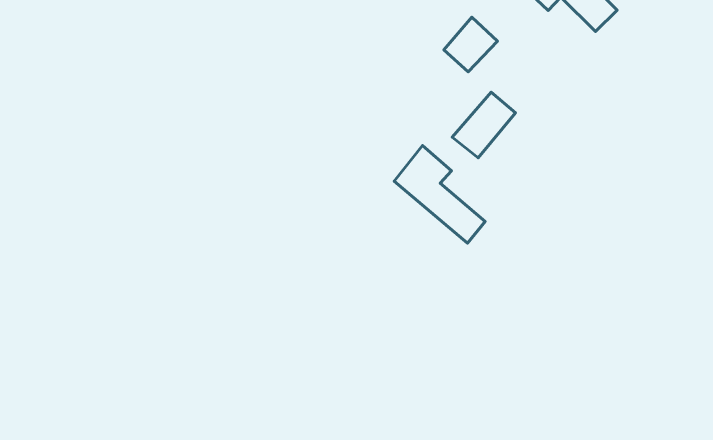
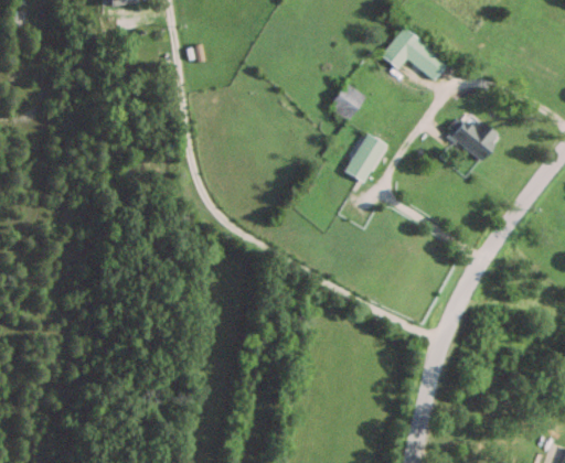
building: none -> [450,118,499,160]
building: [394,146,485,243] -> none

